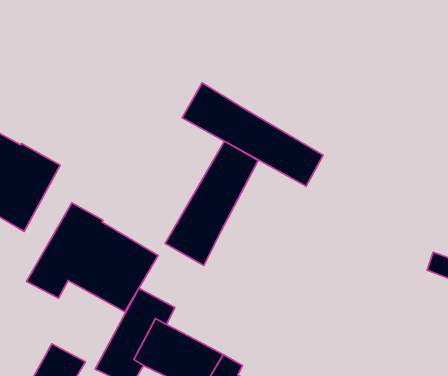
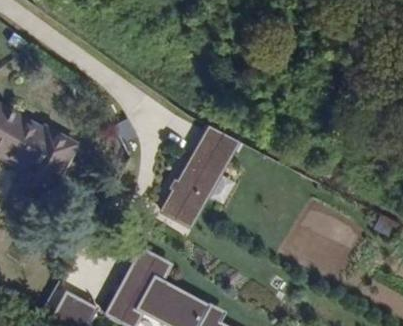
building: [182,83,323,186] -> none
building: [27,203,158,312] -> none

